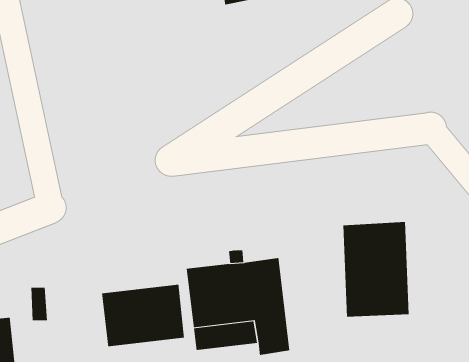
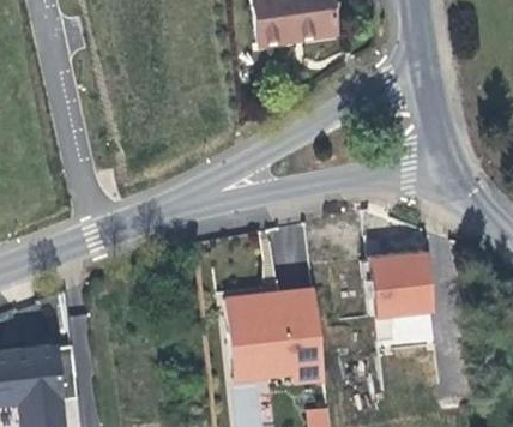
building: [101,284,184,347] -> none

